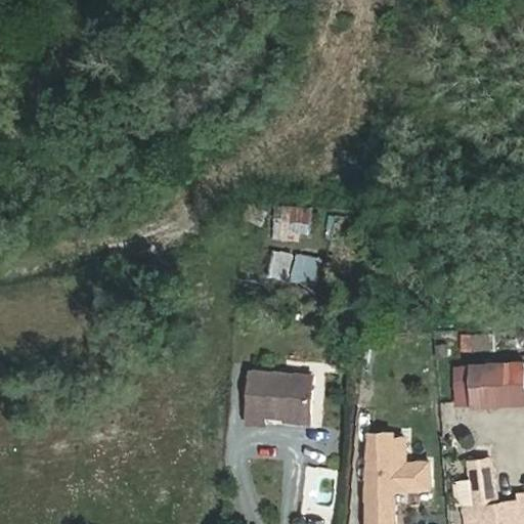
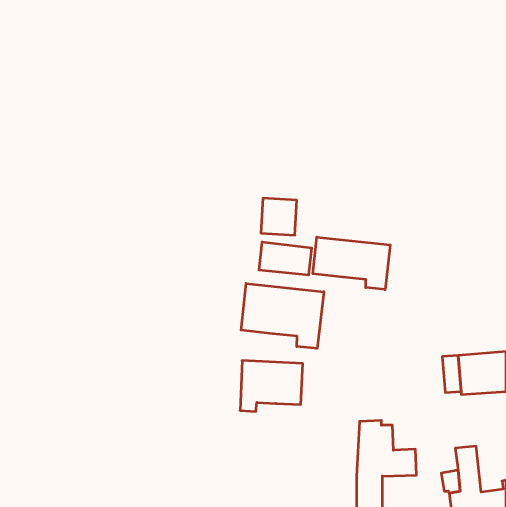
building: none -> [313,237,390,290]
building: none -> [241,283,324,348]

